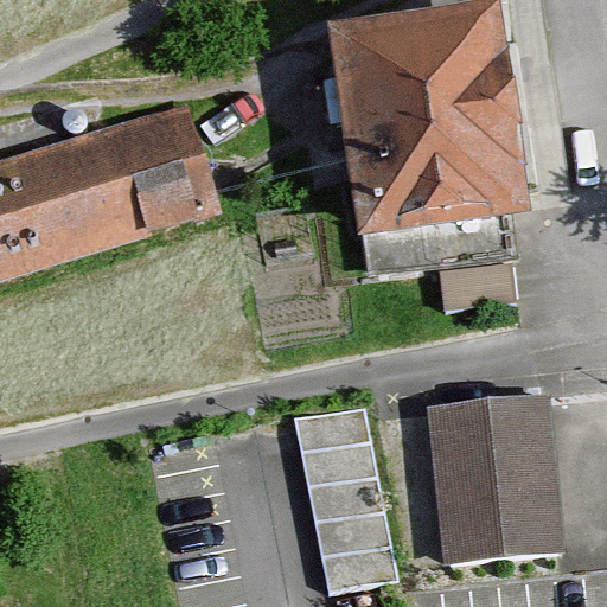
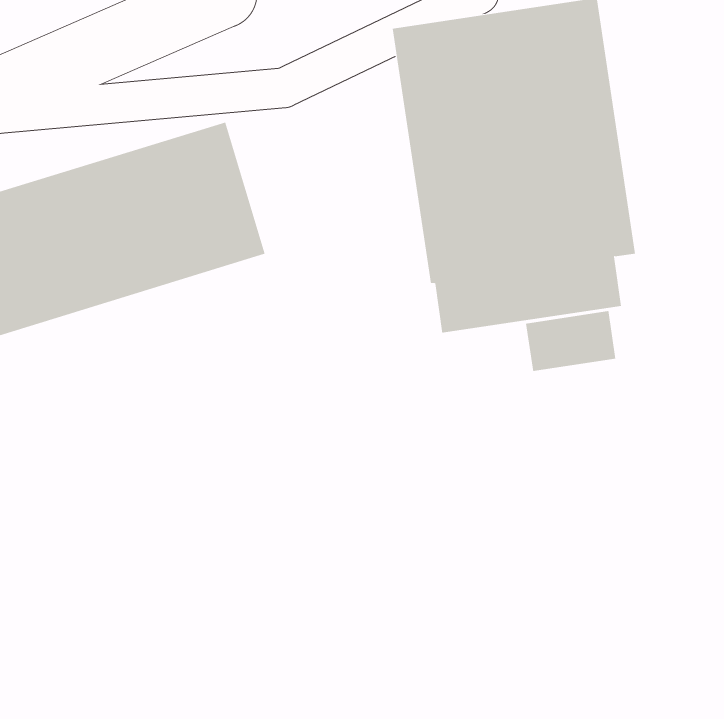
building: [427,391,564,560] -> none
building: [294,404,397,589] -> none

